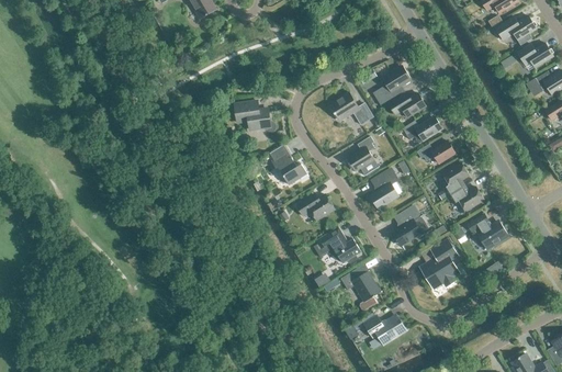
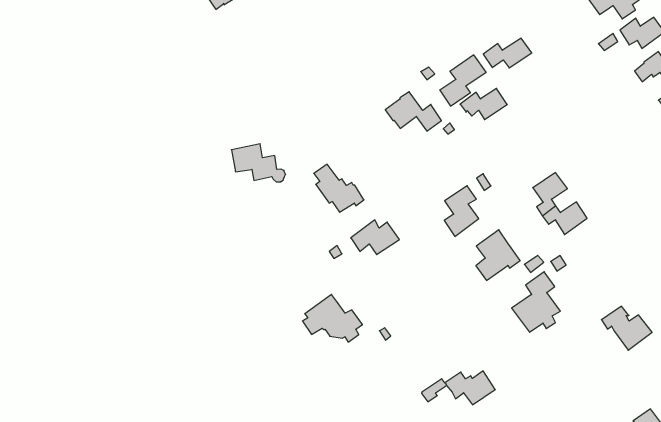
building: [235,101,277,132] -> [231,144,286,182]
building: [403,117,441,140] -> [483,38,532,68]
building: [348,136,379,174] -> none
building: [417,140,456,164] -> none
building: [468,214,507,249] -> [601,306,652,350]
building: [314,226,361,264] -> [302,294,362,342]
building: [340,270,382,312] -> none

